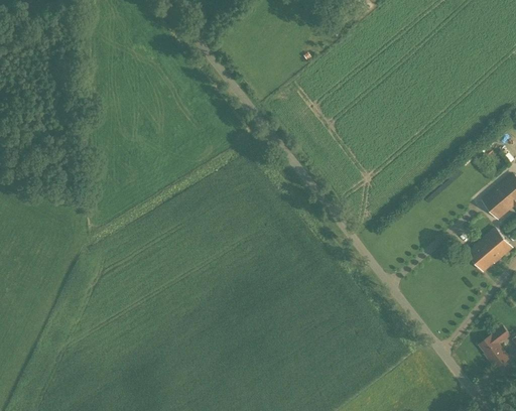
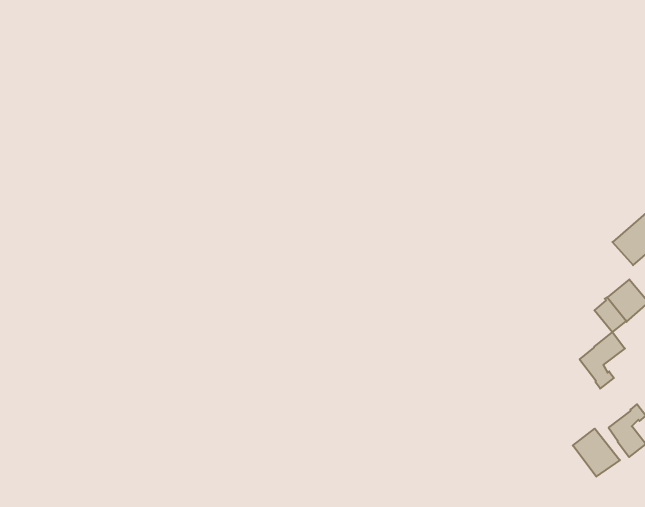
building: none -> [580,332,625,389]
building: none -> [573,429,620,477]

